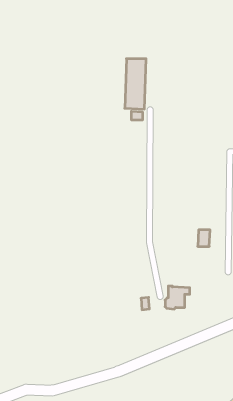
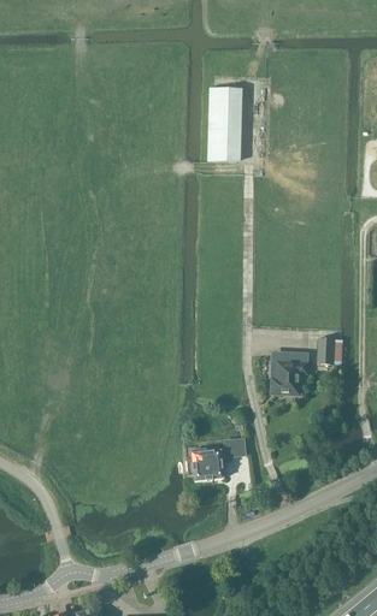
building: [165,286,190,309] -> [271,359,307,392]
building: none -> [192,448,224,478]

